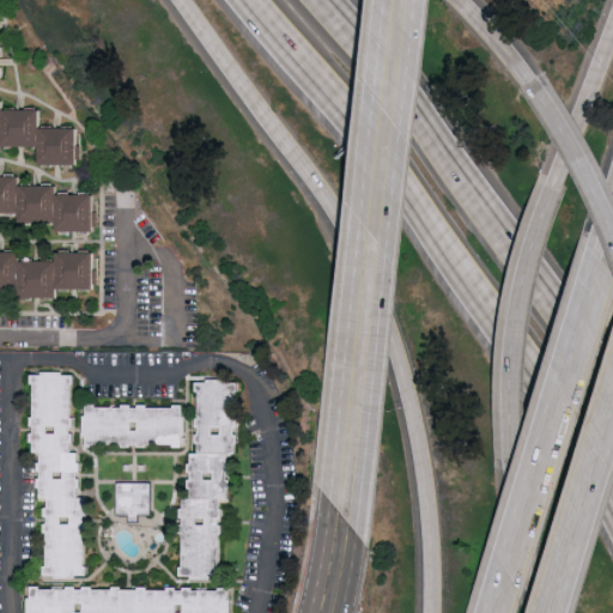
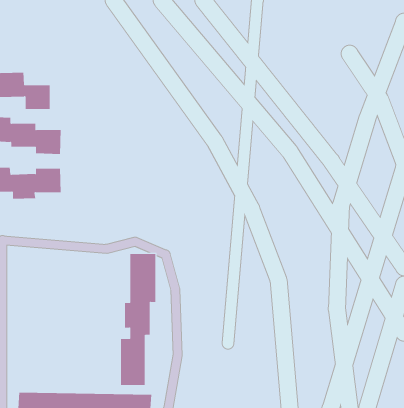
building: [29,372,84,578] -> none
building: [83,406,182,448] -> none
building: [113,484,146,522] -> none

